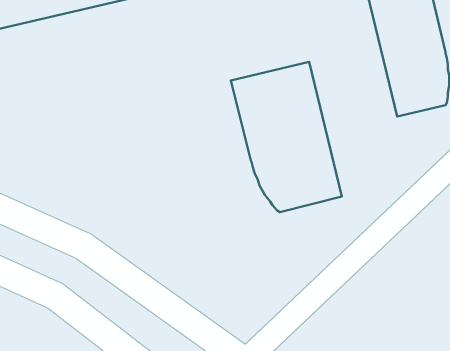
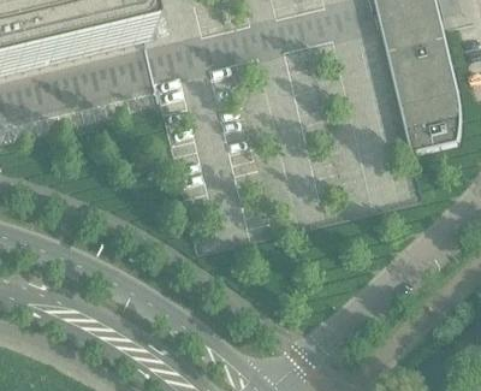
building: [231,62,342,212] -> none

